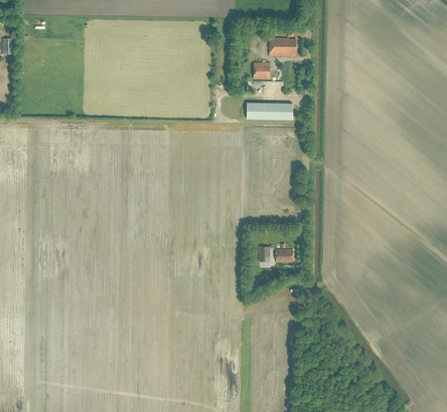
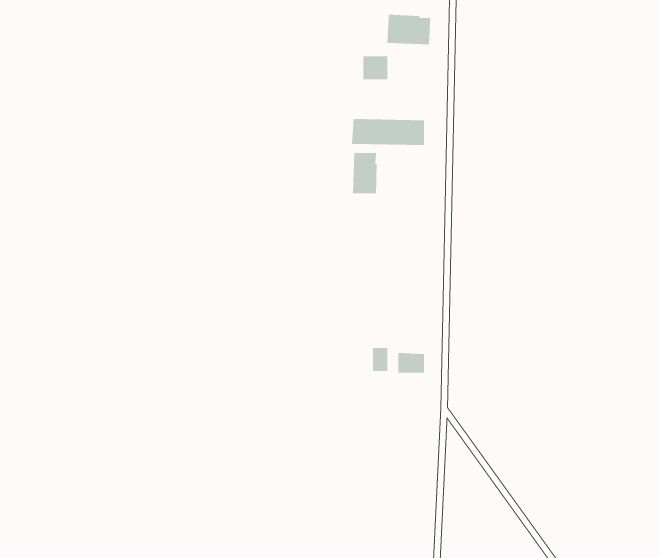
building: none -> [353,152,377,194]

